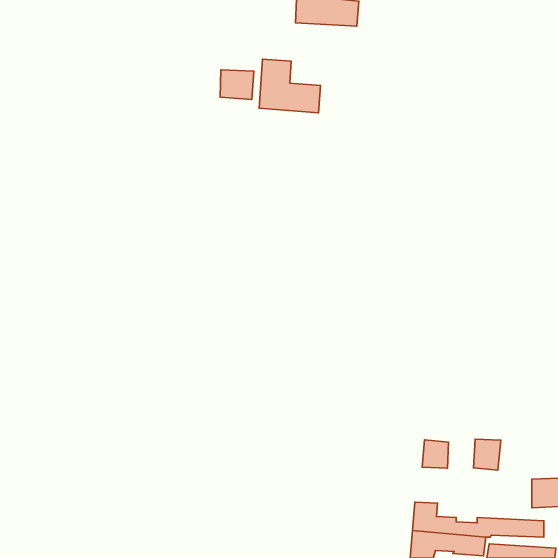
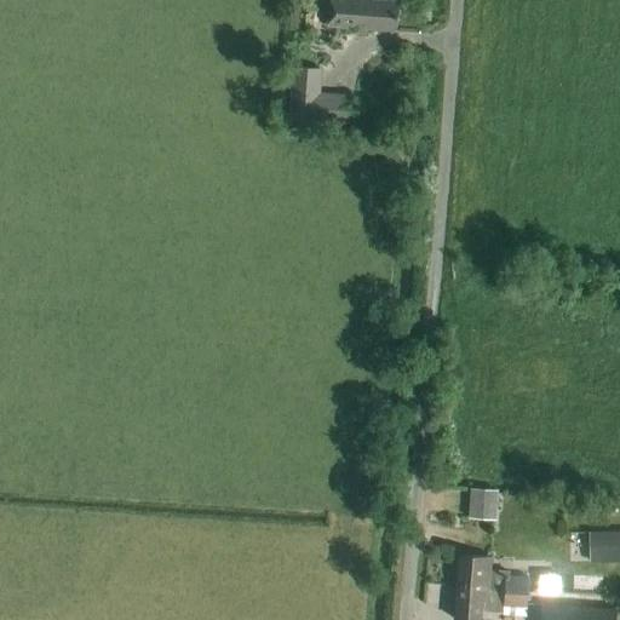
building: [220,70,254,100] -> none
building: [474,439,501,470] -> none

